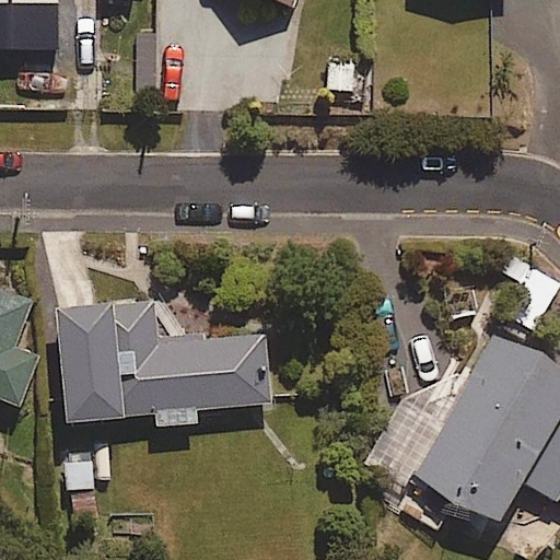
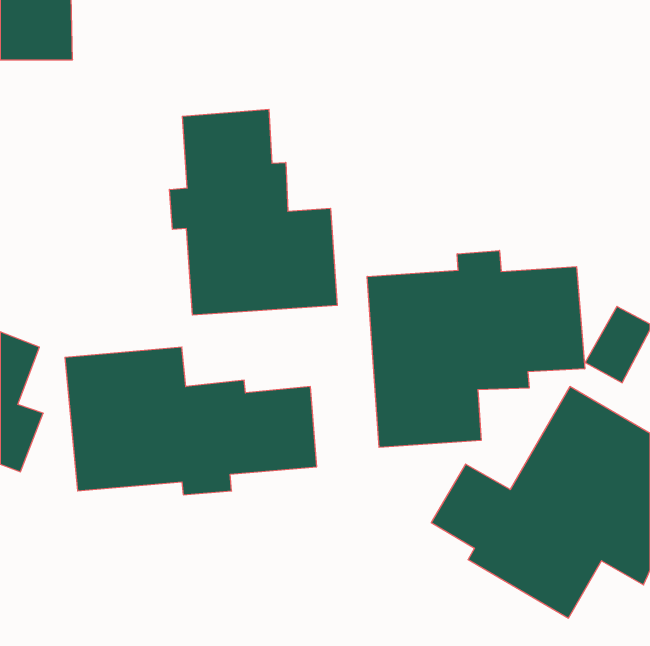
building: none -> [169,109,337,315]
building: none -> [367,250,585,447]

